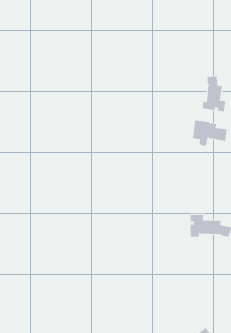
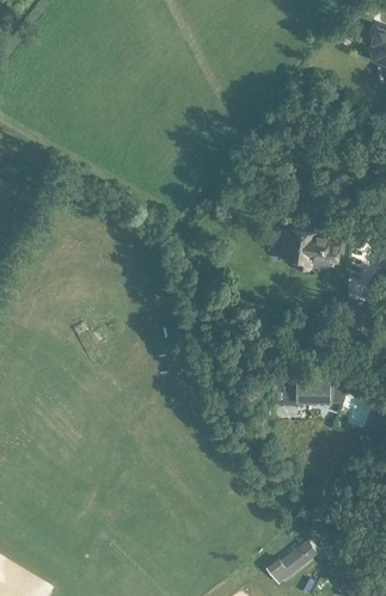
building: [202,75,226,112] -> none

